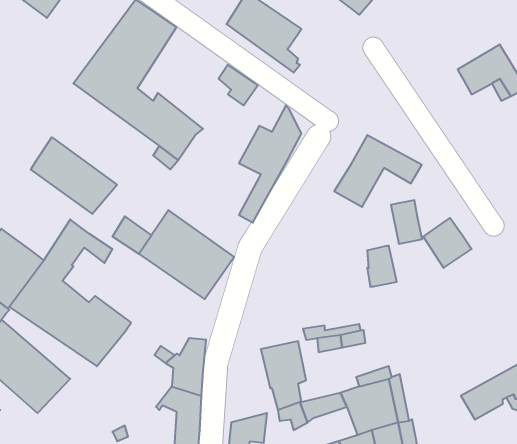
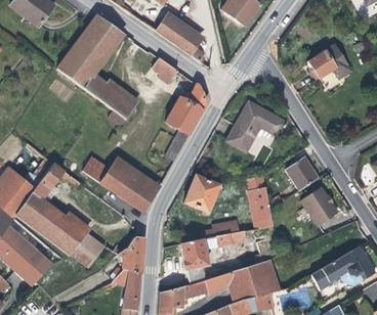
building: [31,137,117,214] -> none
building: [391,200,422,244] -> [253,200,274,229]
building: none -> [185,176,219,213]
building: none -> [302,187,338,224]
building: none -> [72,233,103,267]

